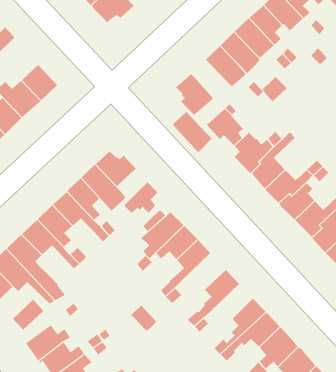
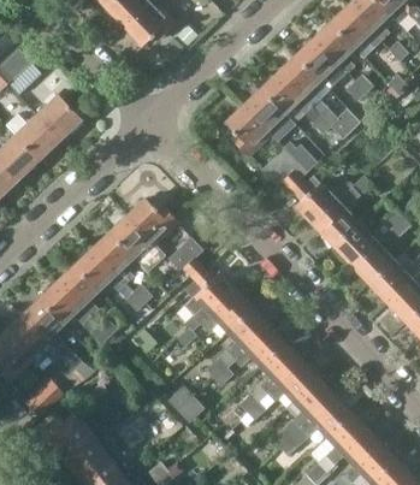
building: [172,111,213,152] -> [243,89,292,140]
building: none -> [232,324,285,368]
building: none -> [267,361,318,403]

